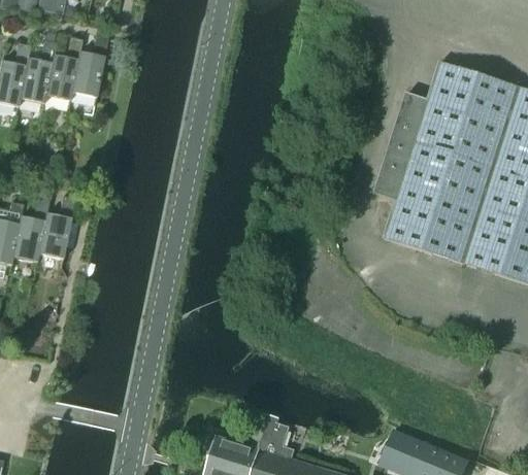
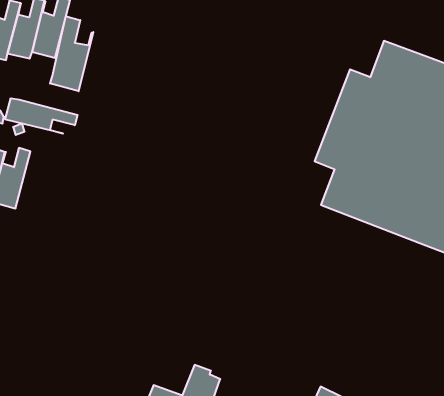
building: none -> [50,16,93,91]
building: none -> [5,98,78,134]

